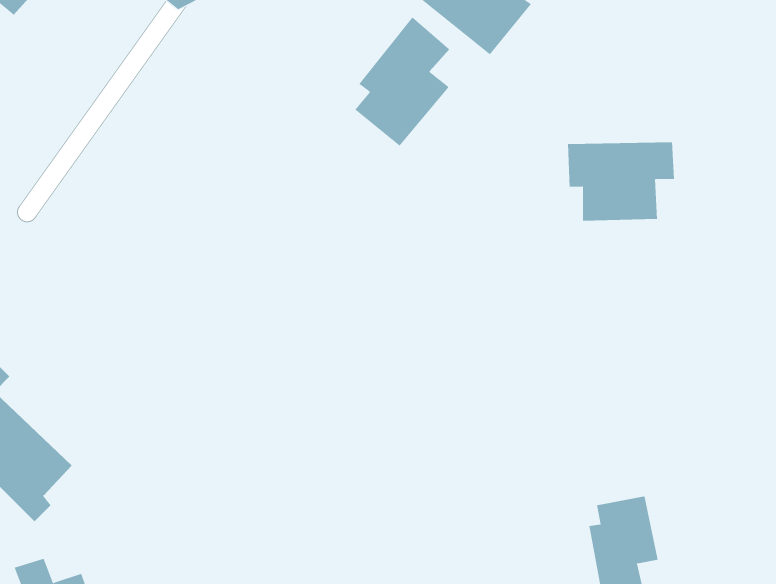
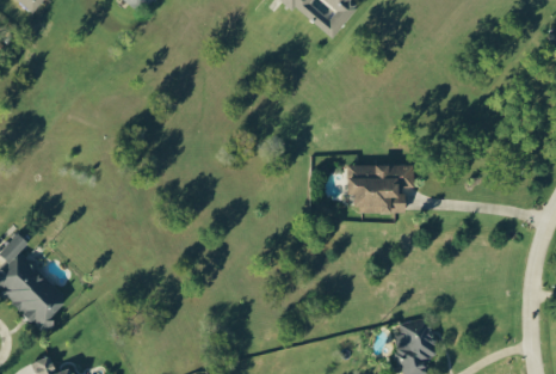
building: [354,16,450,147] -> none
building: [567,142,675,221] -> [347,164,415,214]

